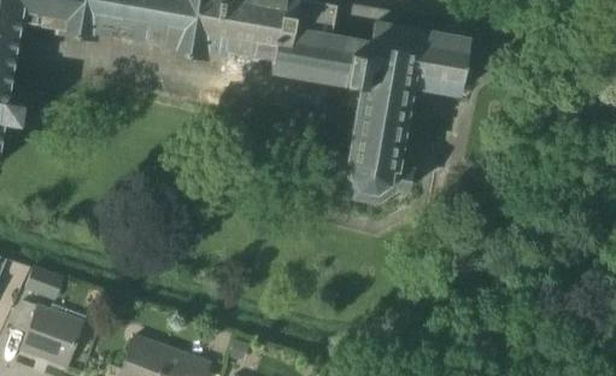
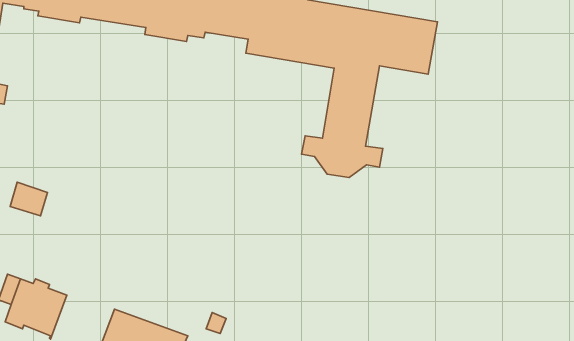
building: [24,269,63,304] -> [10,182,47,216]

